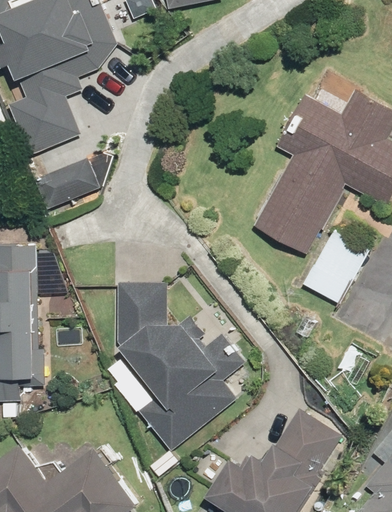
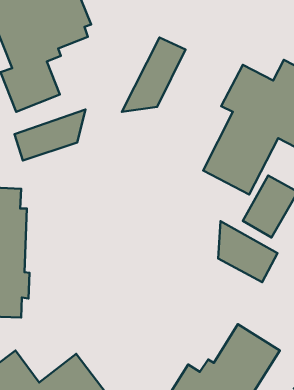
building: none -> [122,38,185,112]
building: [106,283,243,451] -> none
building: none -> [218,221,278,282]

